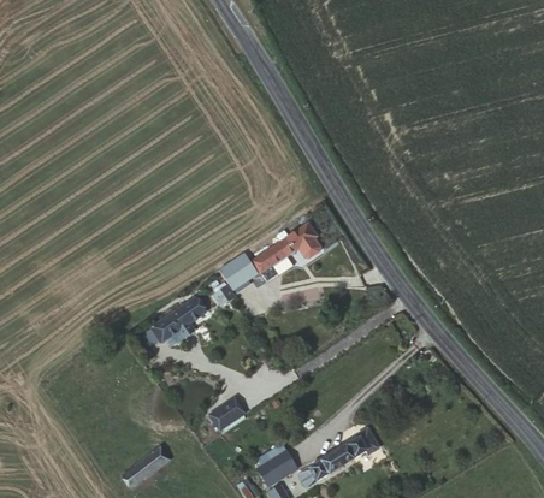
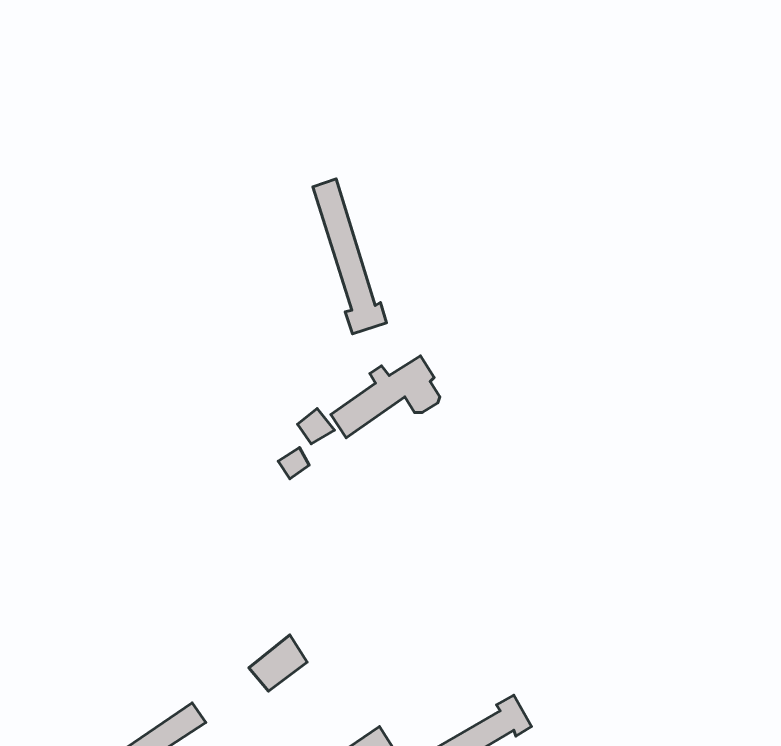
building: none -> [313,179,386,334]
building: [150,301,200,340] -> none

